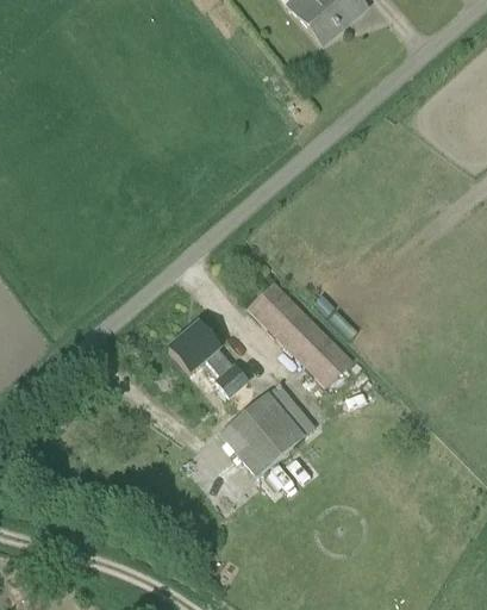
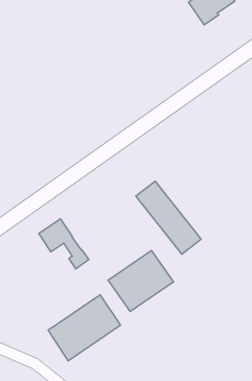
building: [169,324,246,396] -> [39,219,89,269]
building: none -> [48,295,120,361]

